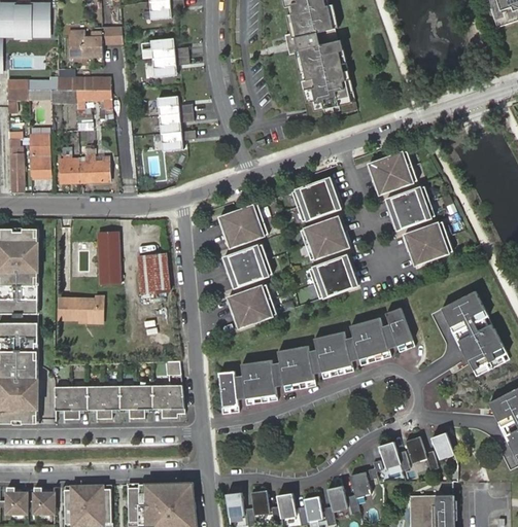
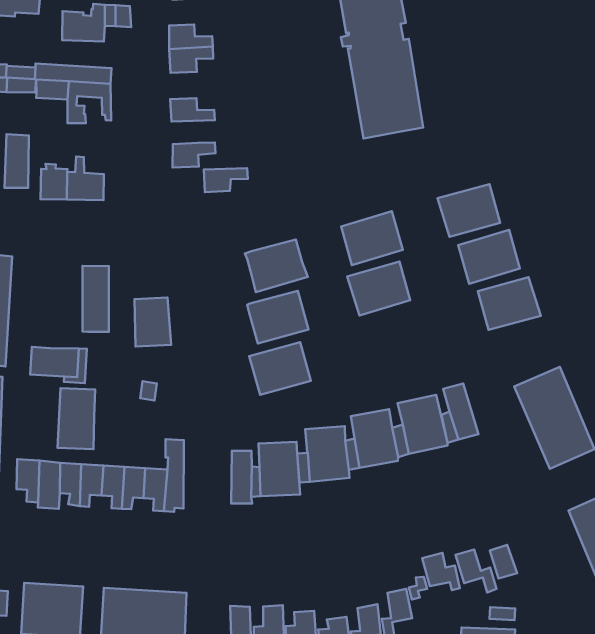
building: [158,112,193,133] -> [204,168,248,192]
building: [311,253,361,296] -> none
building: none -> [57,388,95,449]

